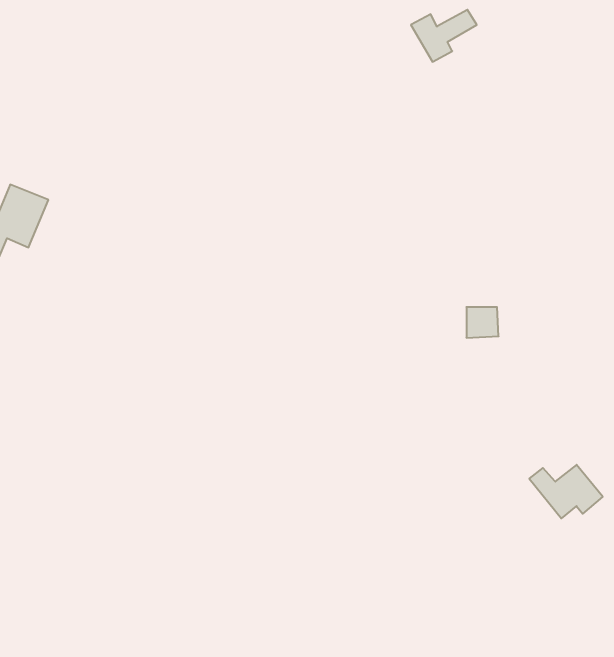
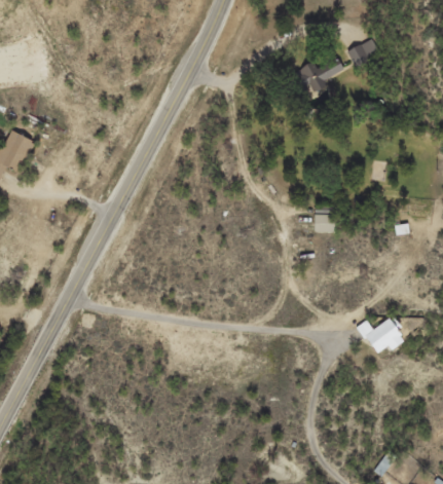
building: [411,10,477,62] -> [299,58,343,92]
building: none -> [346,39,378,66]

